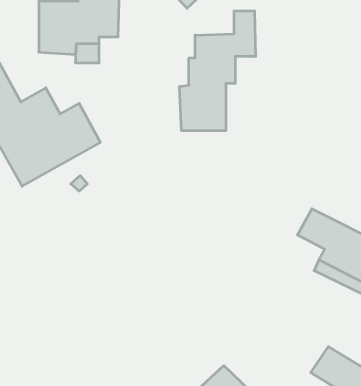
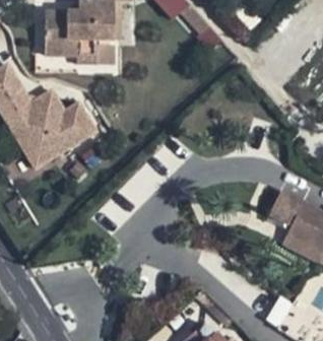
building: [180,11,256,131] -> none

